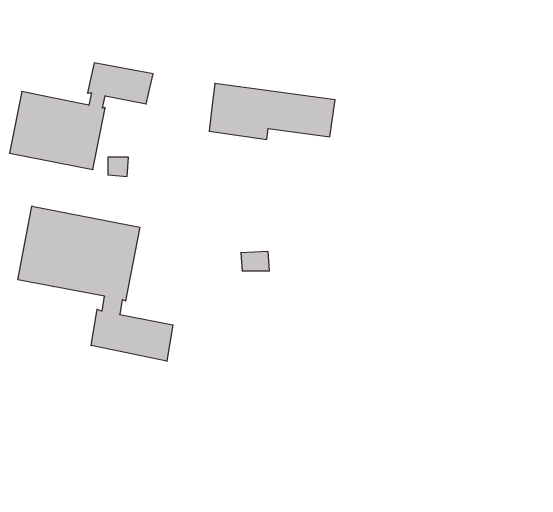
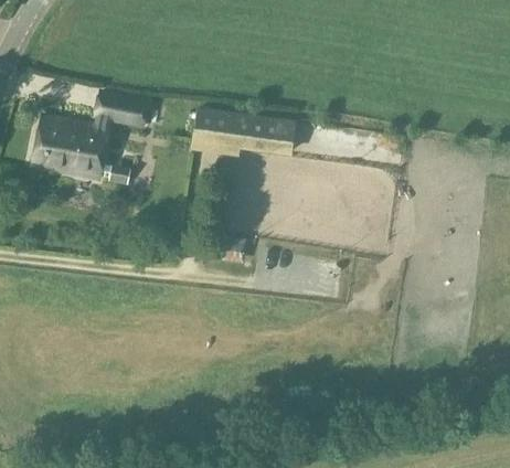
building: [18,206,173,361] -> none

